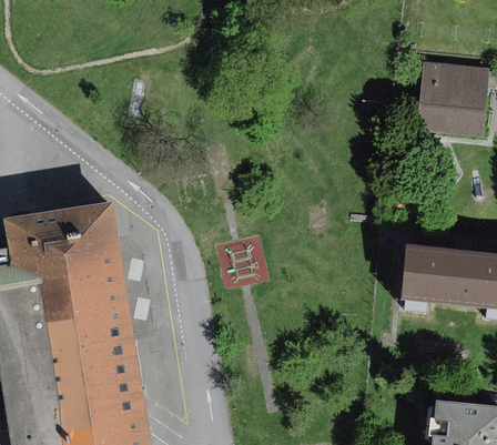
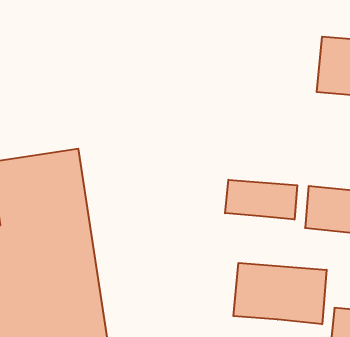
building: none -> [225,180,297,220]
building: none -> [233,263,327,324]

